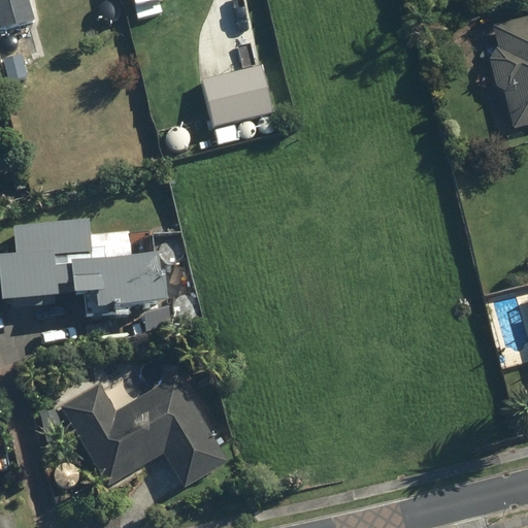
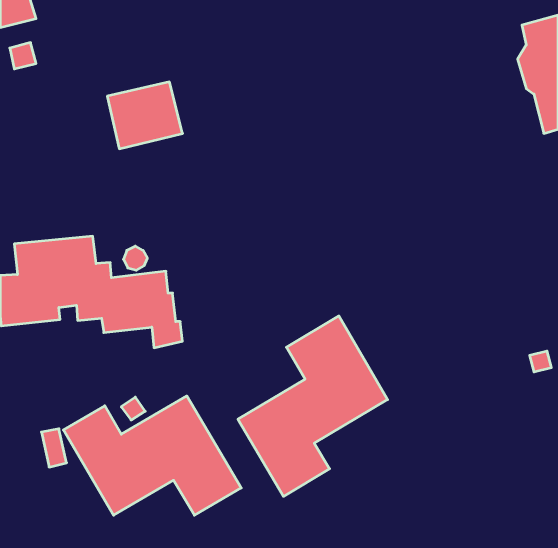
building: [202,62,273,125] -> [107,82,183,149]
building: none -> [238,316,388,496]

